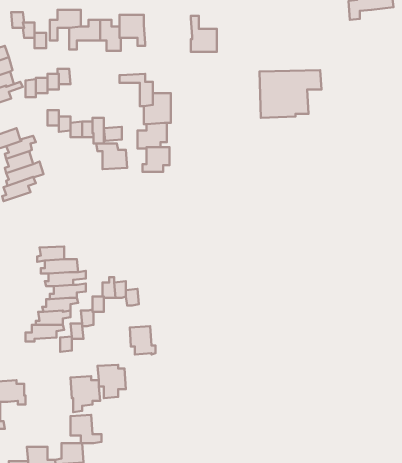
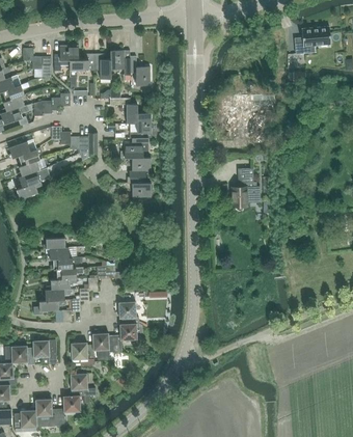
building: [191,16,217,52] -> [130,56,151,85]
building: [96,143,127,169] -> [127,176,152,197]
building: none -> [232,168,261,210]
building: none -> [114,323,142,352]
building: none -> [33,339,56,363]

